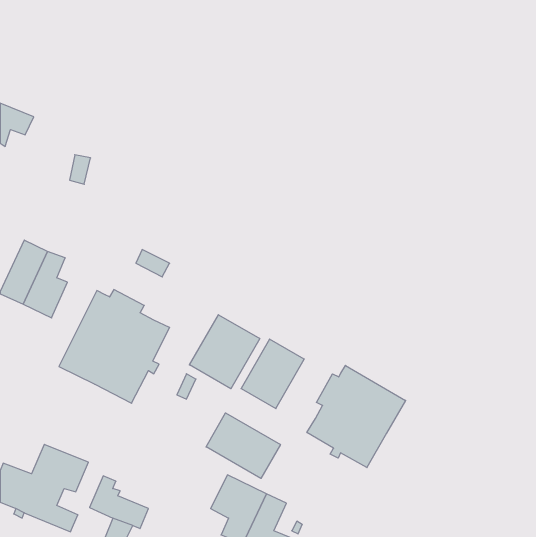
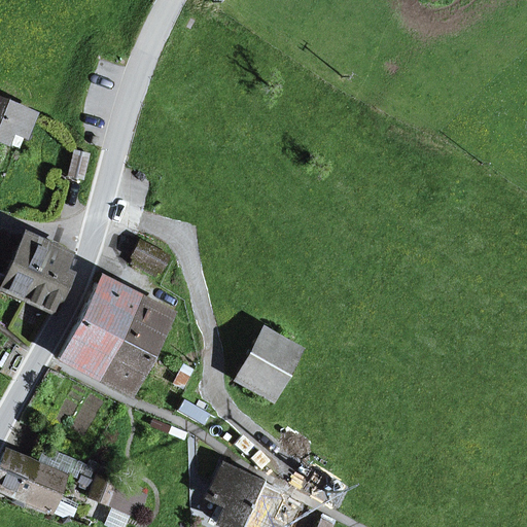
building: [189,315,260,389] -> none
building: [307,365,406,468] -> none
building: [206,413,280,478] -> none

